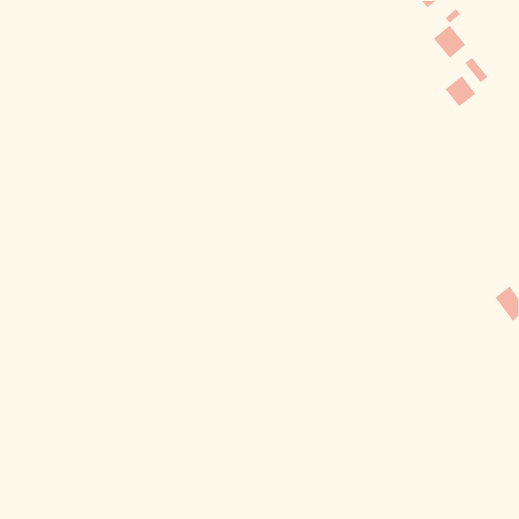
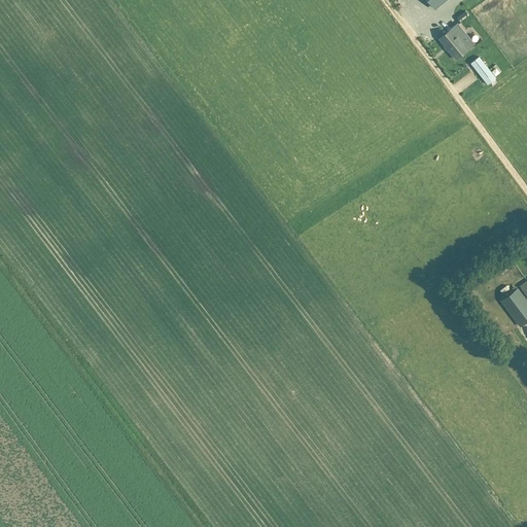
building: [444,75,476,107] -> none

